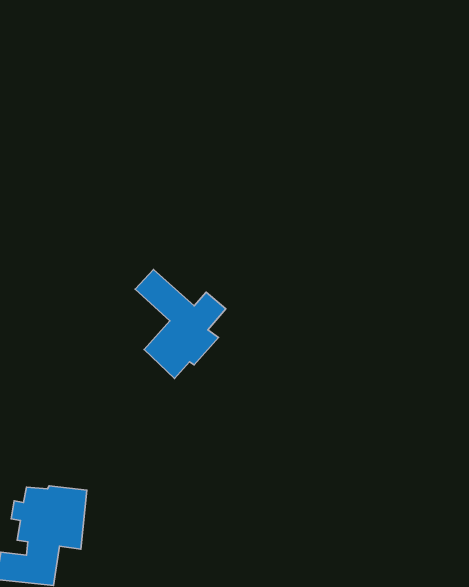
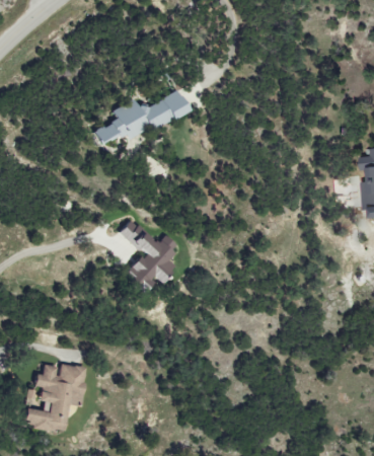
building: none -> [93,90,188,145]

